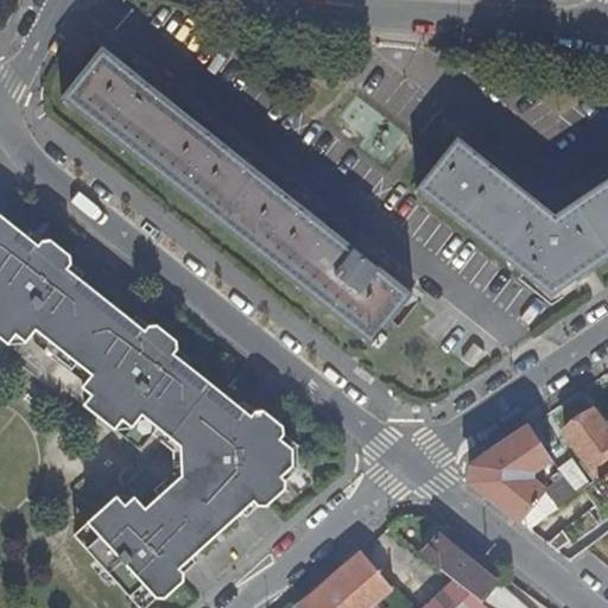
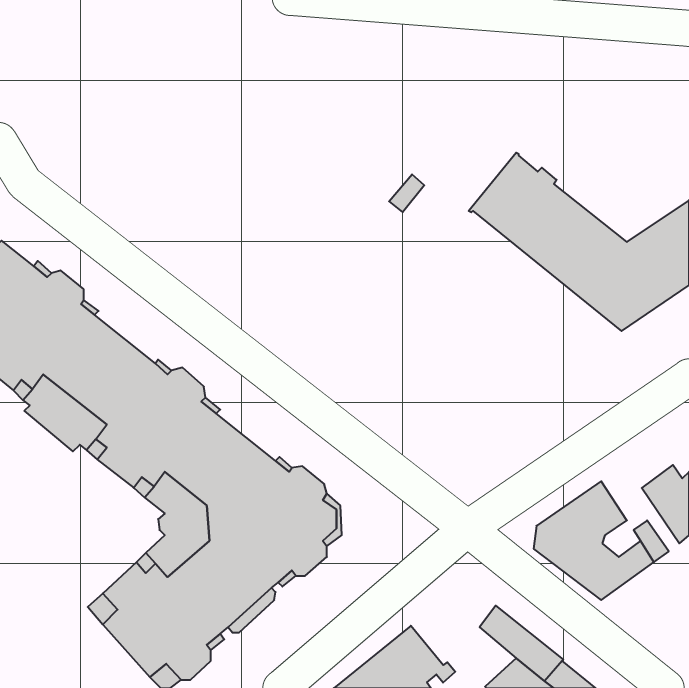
building: [59,43,408,341] -> none

